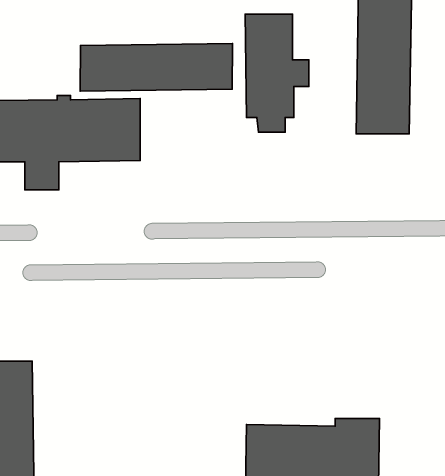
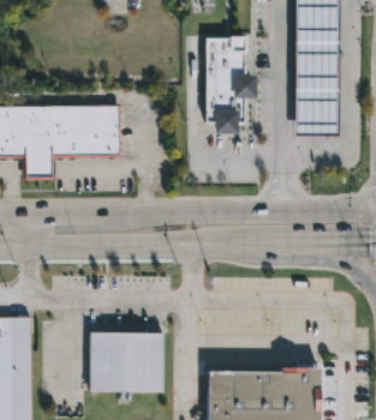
building: [80,43,232,91] -> none
building: none -> [89,332,163,392]

